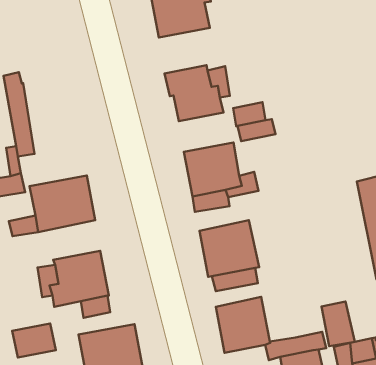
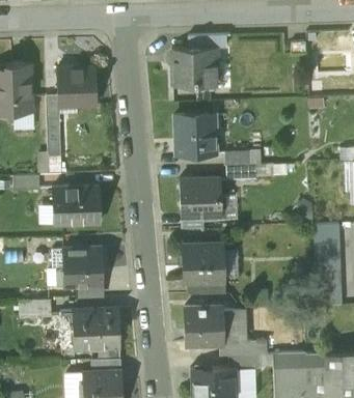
building: none -> [59,69,98,106]
building: [322,301,355,346] -> [222,308,244,341]

